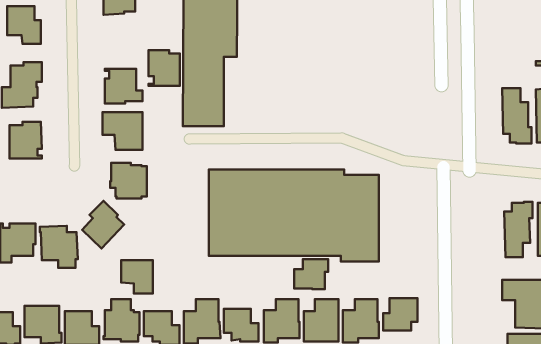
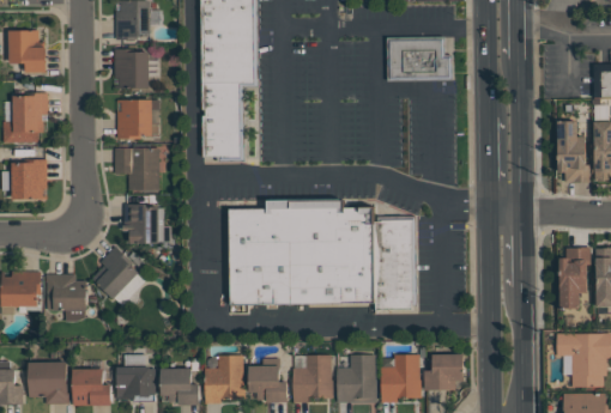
building: none -> [387,37,449,79]
building: [148,50,180,86] -> [113,48,147,87]
building: [294,259,328,289] -> none
building: [121,260,153,293] -> none

